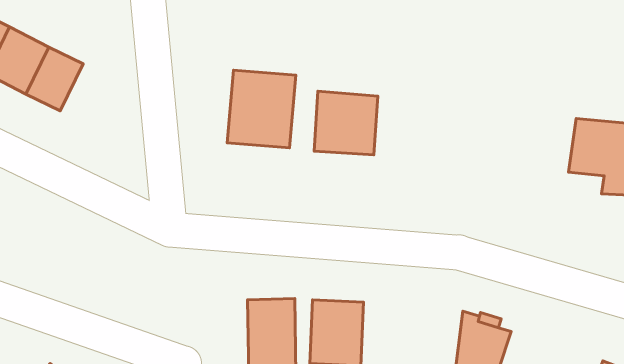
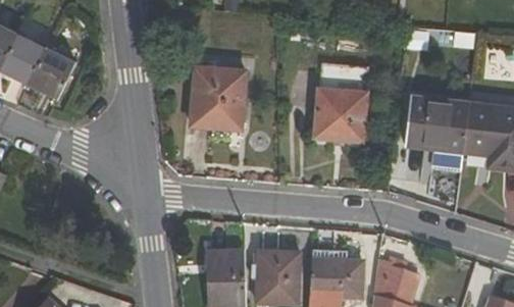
building: [314,91,378,155] -> [314,88,365,139]
building: none -> [410,99,469,148]
building: none -> [309,257,362,297]

